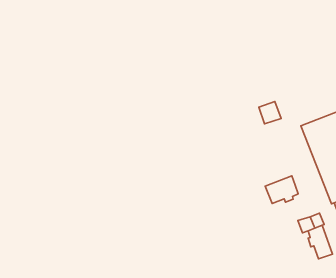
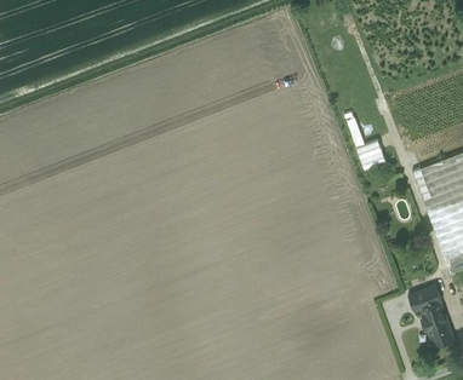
building: [265,176,298,203] -> none

